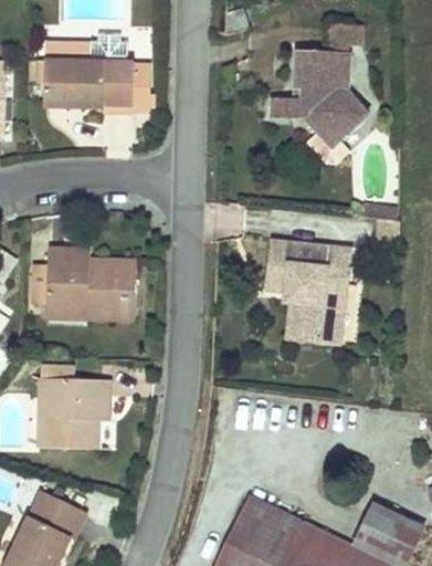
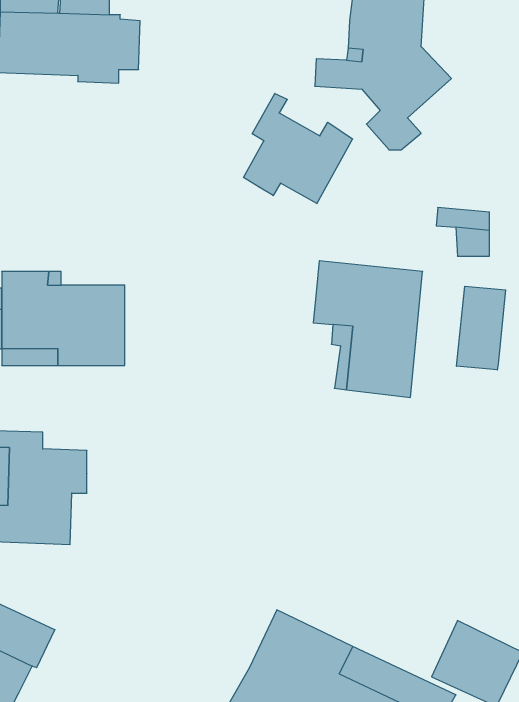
building: none -> [244,93,353,204]
building: none -> [457,286,506,370]

